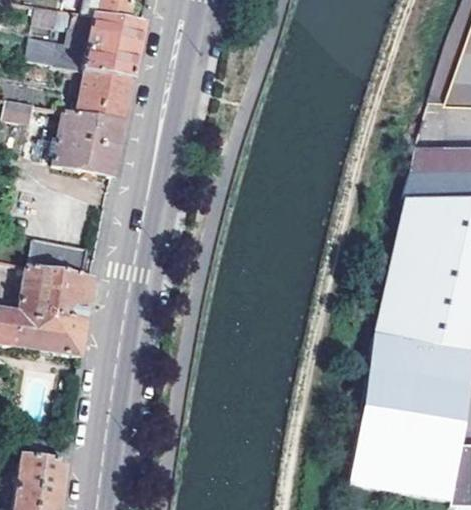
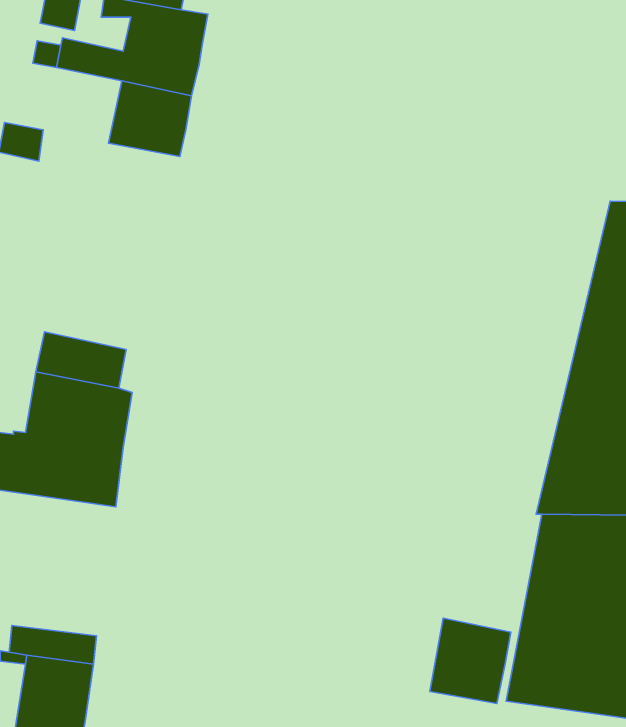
building: [54,109,126,177] -> none
building: none -> [430,618,511,704]

